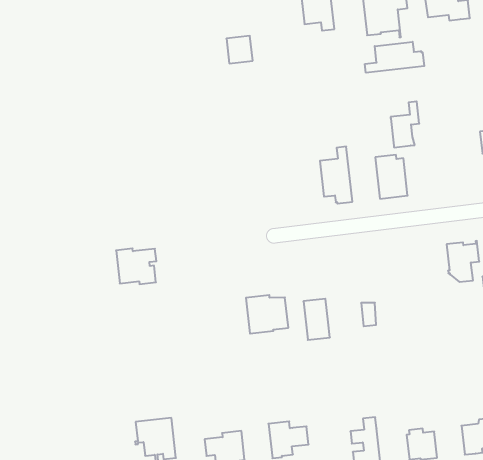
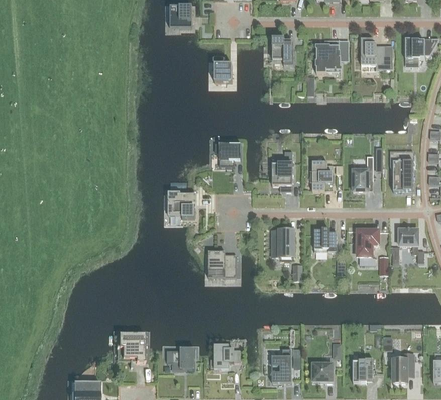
building: [365,42,424,73] -> none
building: [391,101,419,147] -> [353,160,373,191]
building: none -> [215,143,241,166]
building: [116,248,156,284] -> [168,191,196,217]
building: none -> [314,229,337,251]
building: [303,299,330,340] -> [278,229,294,257]

